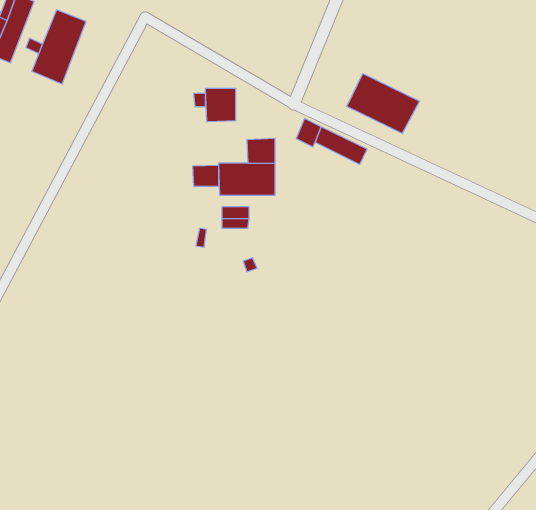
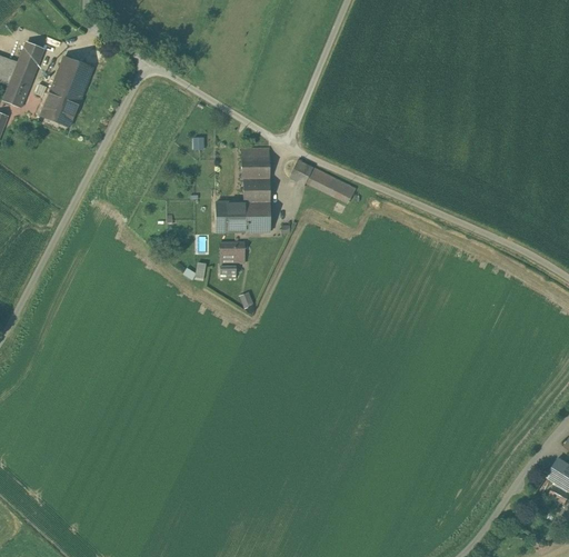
building: [347,74,420,134] -> none
building: [205,89,236,122] -> [241,148,270,179]
building: [193,165,218,187] -> none

